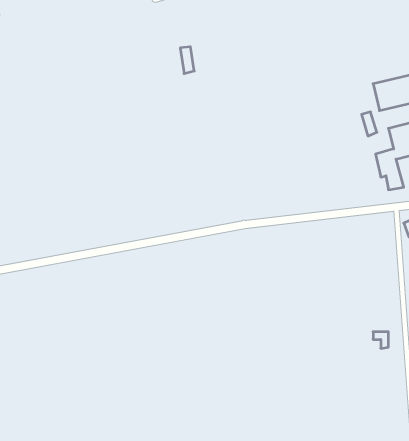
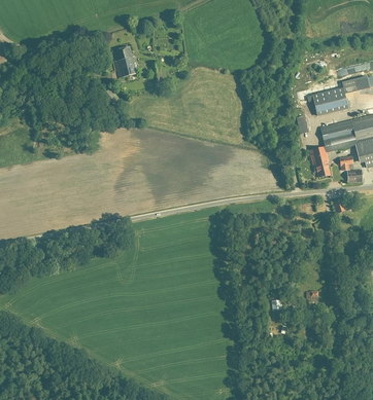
building: none -> [114,45,138,77]

